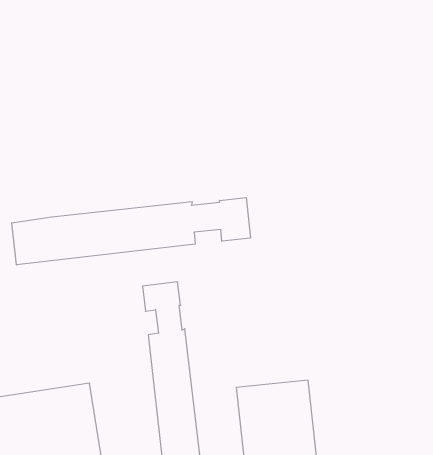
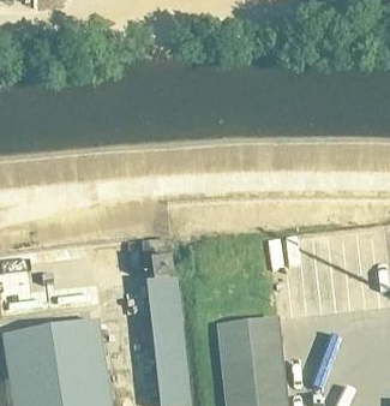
building: [12,198,250,265] -> none

